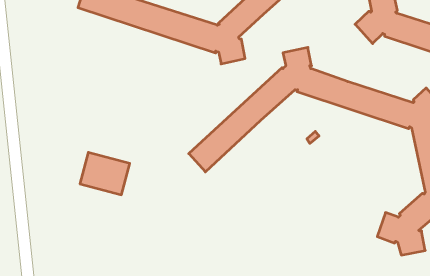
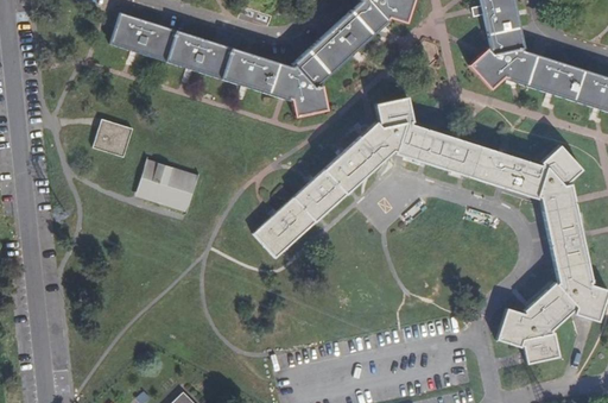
building: none -> [95,118,135,156]
building: [80,152,130,195] -> [139,153,203,208]

